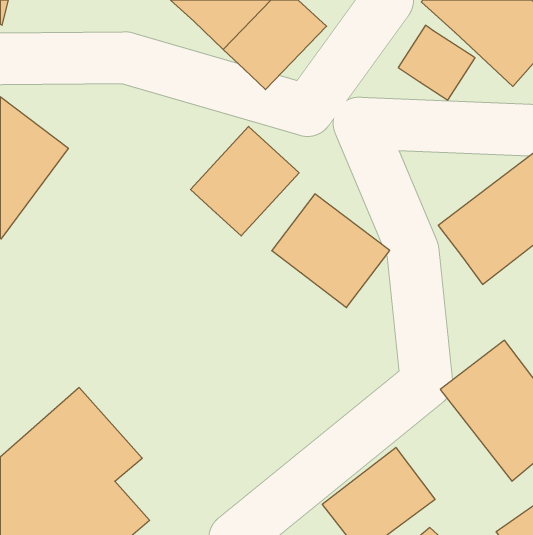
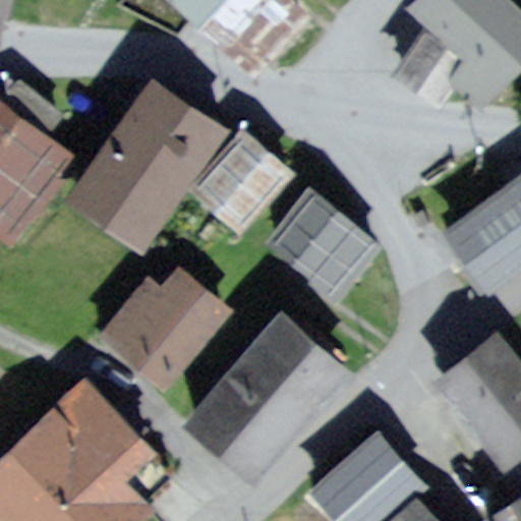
building: none -> [63,80,222,256]
building: none -> [99,253,228,385]
building: none -> [189,314,350,479]

